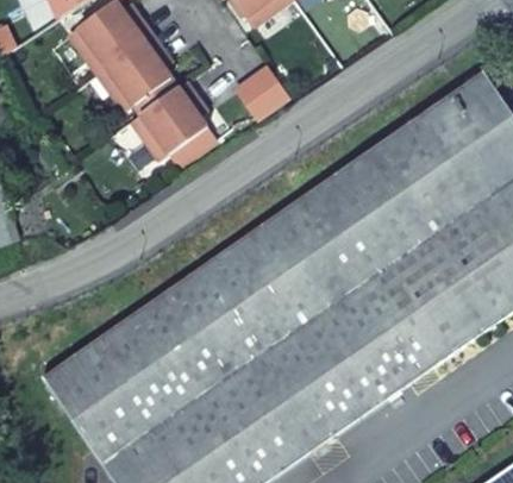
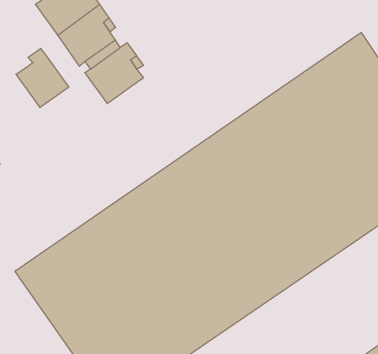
building: [238,71,290,123] -> none
building: none -> [16,48,69,108]

